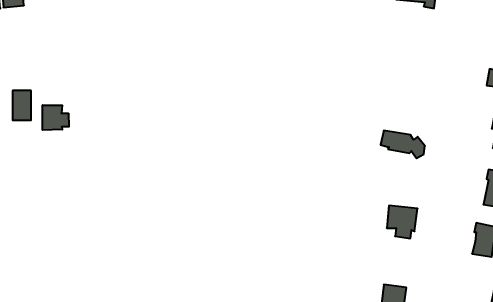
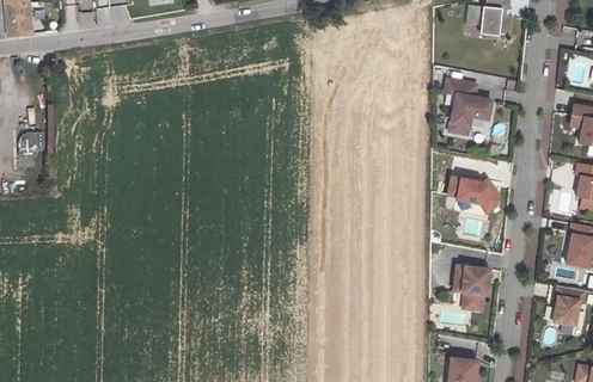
building: none -> [445,80,490,135]
building: [43,105,69,130] -> none

